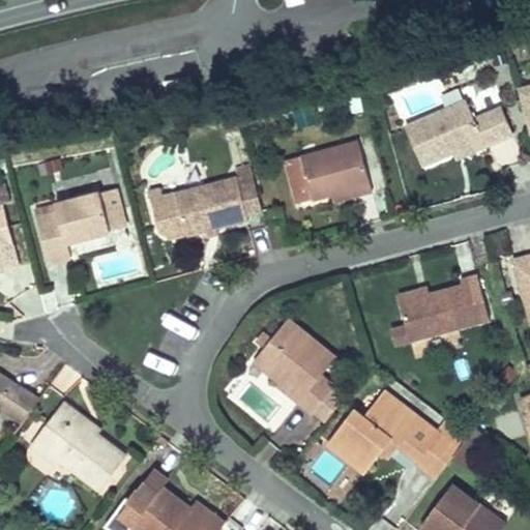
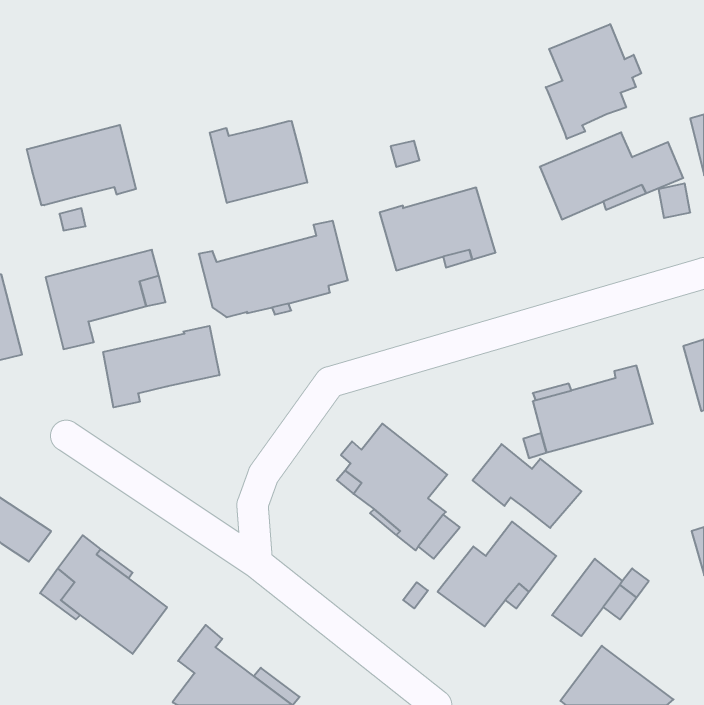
building: none -> [546,24,641,139]
building: none -> [210,121,307,203]
building: none -> [27,125,136,205]
building: none -> [103,326,219,407]
building: none -> [473,444,581,528]

